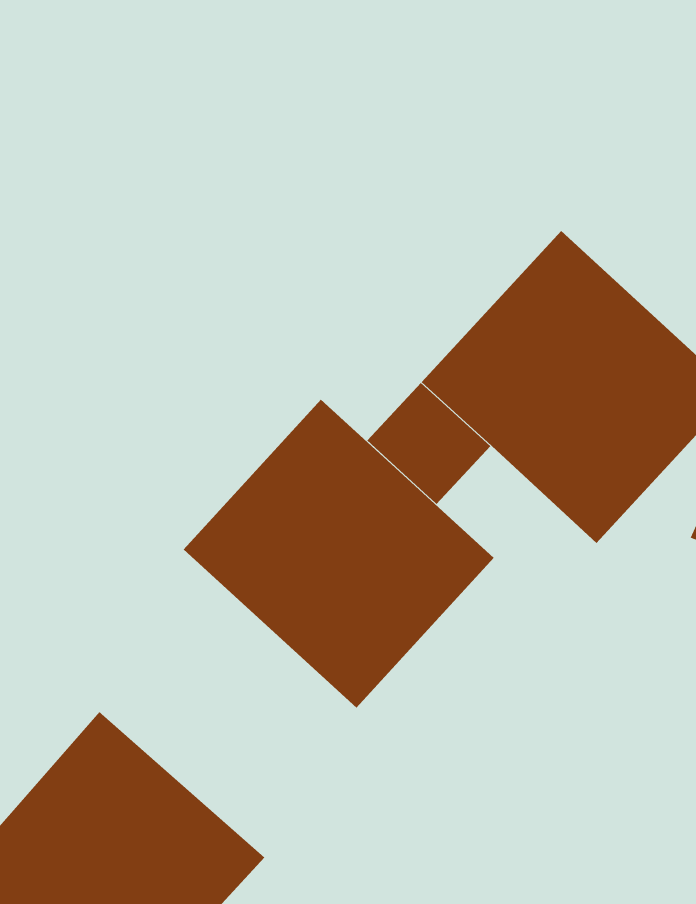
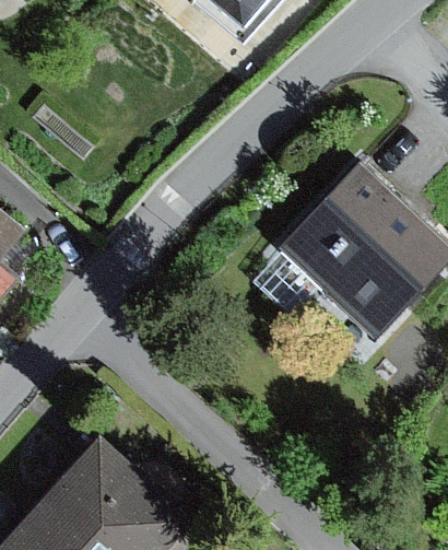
building: [183,399,495,708] -> none

